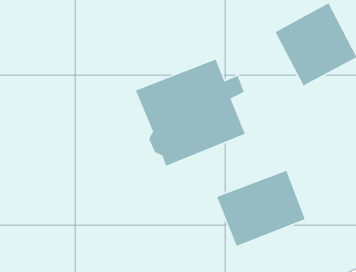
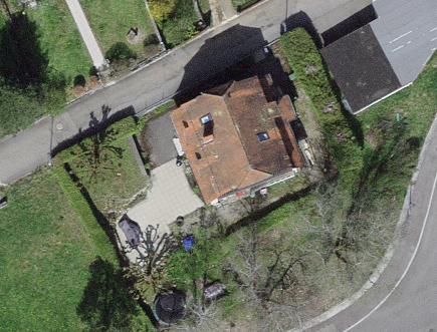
building: [216,170,306,247] -> none

